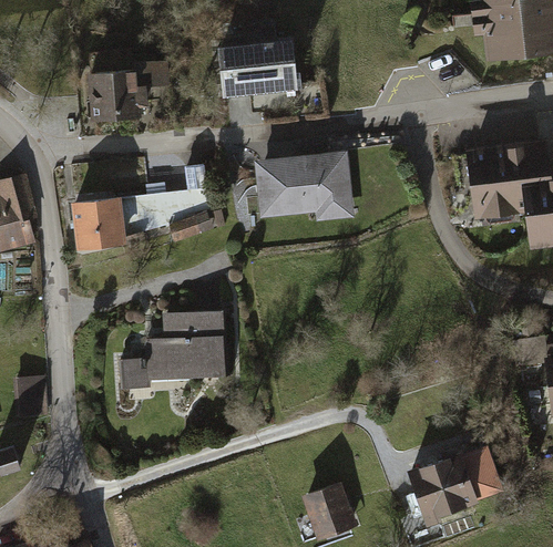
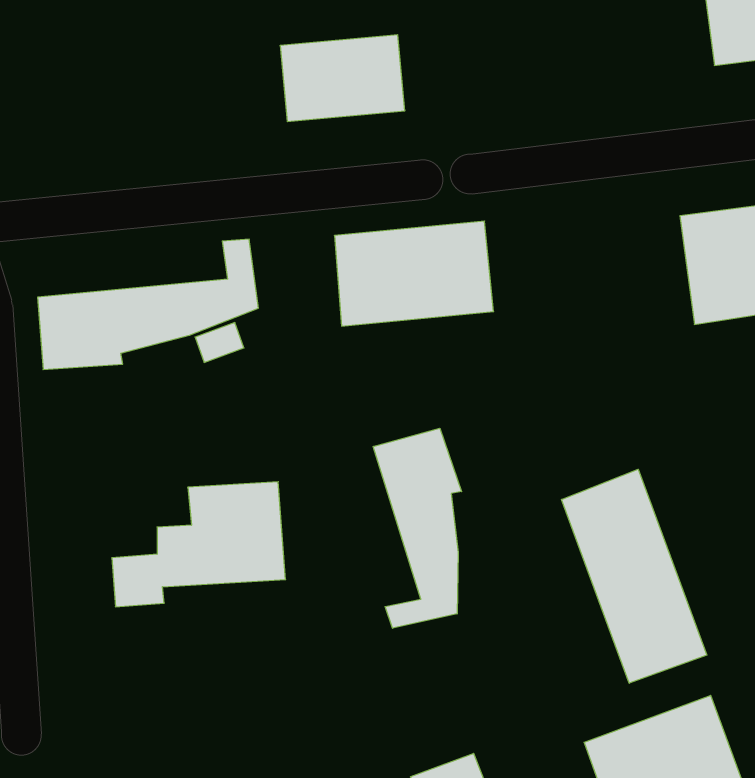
building: [89,62,167,121] -> none
building: none -> [373,428,462,628]
building: none -> [562,469,707,683]

